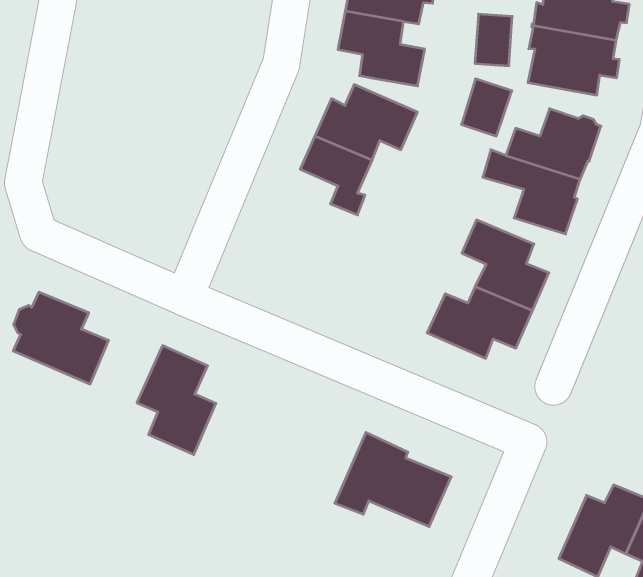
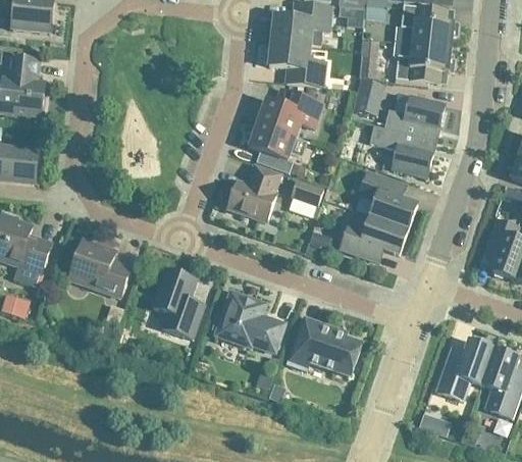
building: none -> [227,164,280,221]
building: none -> [290,178,323,206]
building: none -> [213,291,284,352]

